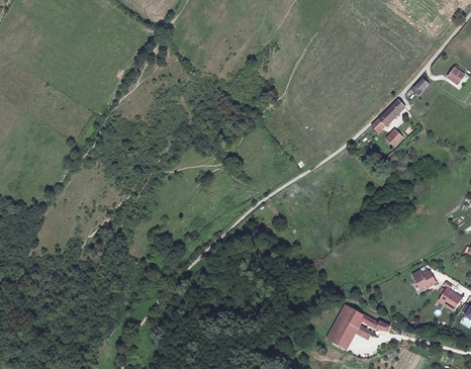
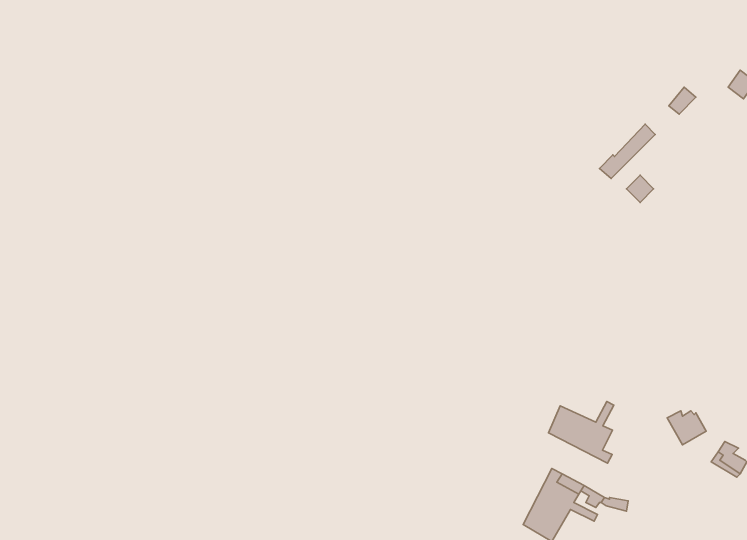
building: none -> [548,401,614,463]

